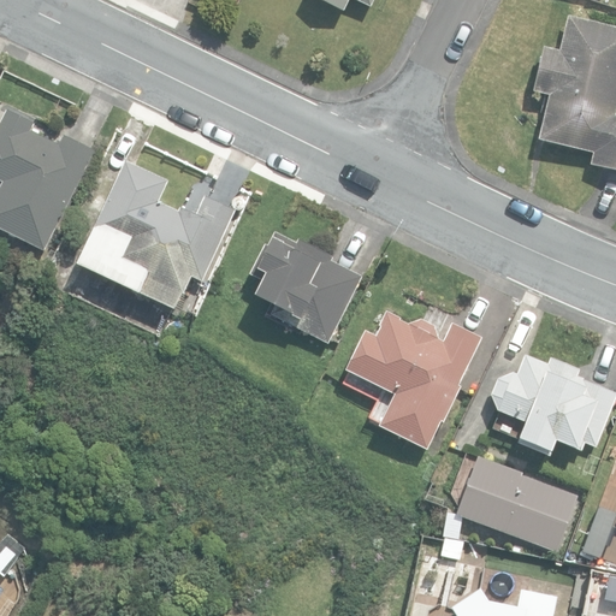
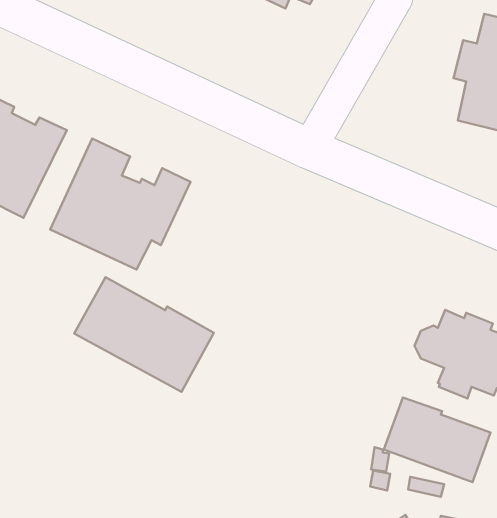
building: [253,233,363,345] -> none
building: [348,313,481,449] -> none
building: none -> [74,277,214,392]

